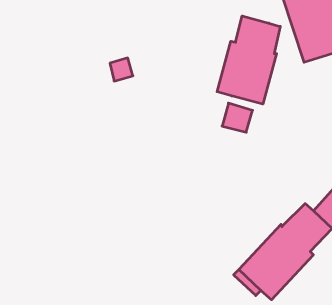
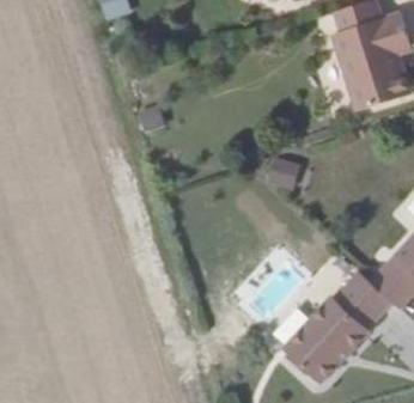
building: [217,16,280,104] -> none

